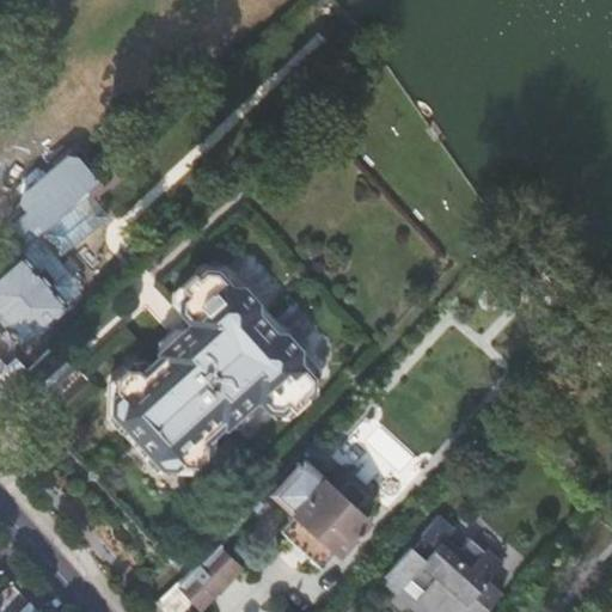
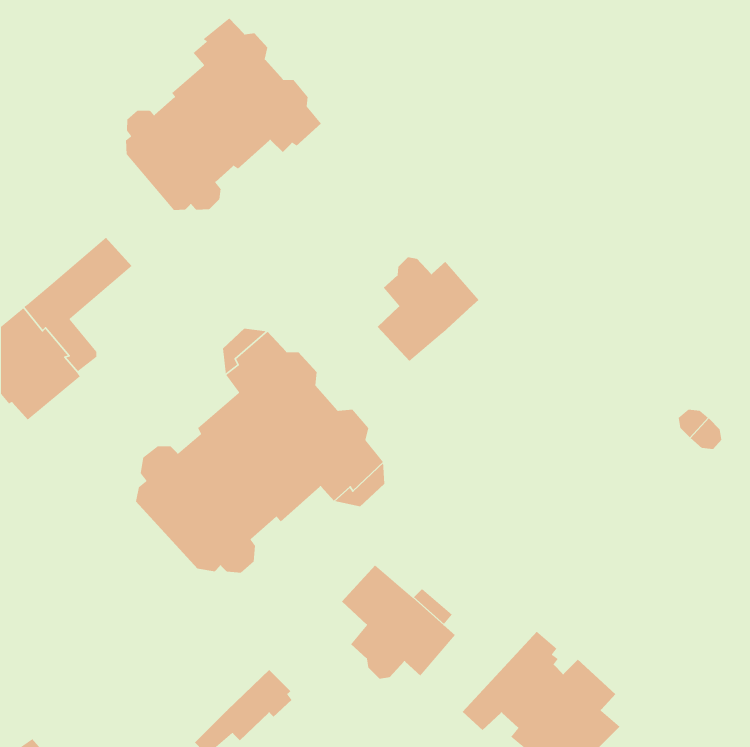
building: none -> [125,17,322,211]
building: [11,161,99,251] -> none
building: none -> [377,257,480,362]

